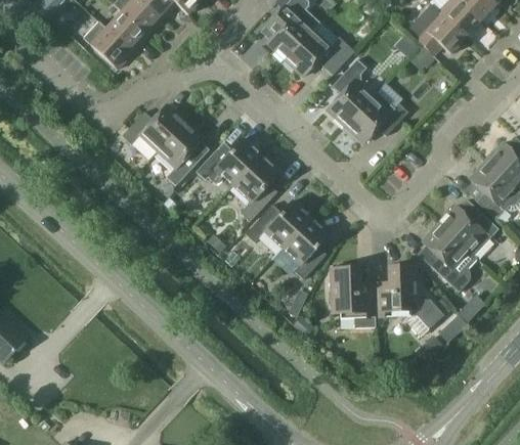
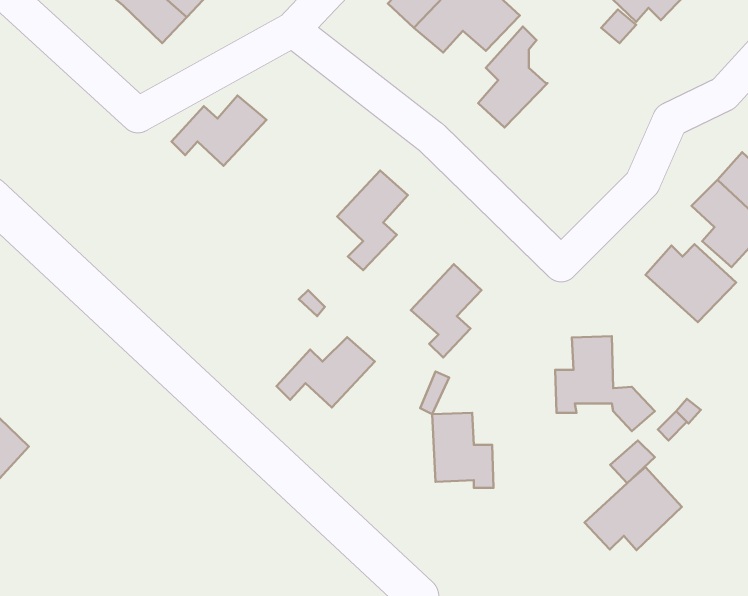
building: [345,91,408,143] -> none
building: [158,121,205,185] -> none
building: [197,137,262,185] -> none
building: [246,201,311,248] -> [276,337,375,408]
building: [418,224,477,284] -> none
building: [331,267,372,317] -> [432,413,494,488]
building: none -> [584,467,682,550]

